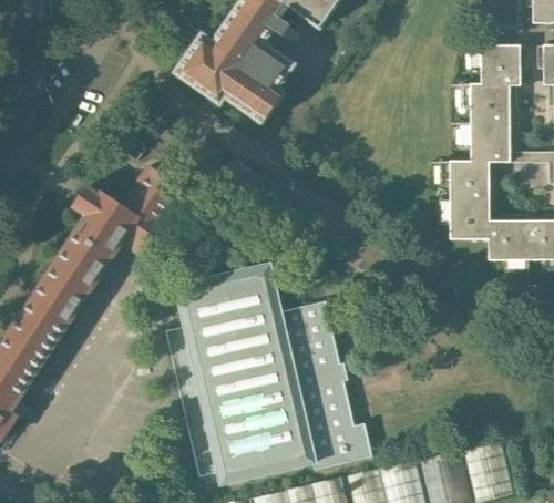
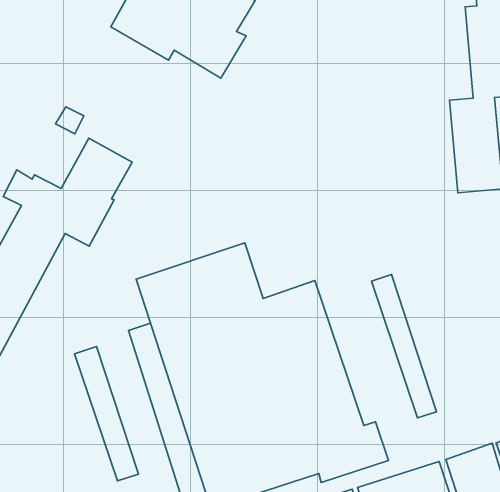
building: none -> [371,274,437,418]
building: none -> [75,346,138,481]

